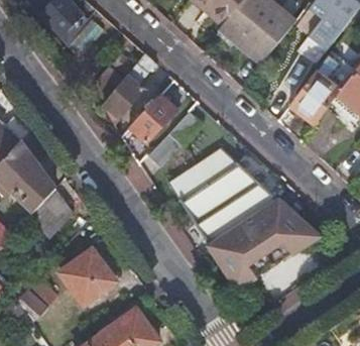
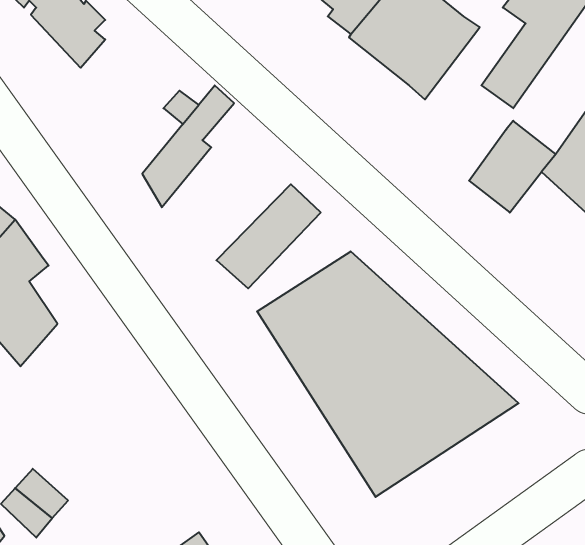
building: [128,91,175,141] -> none
building: [31,189,73,239] -> none
building: [61,248,115,305] -> none

